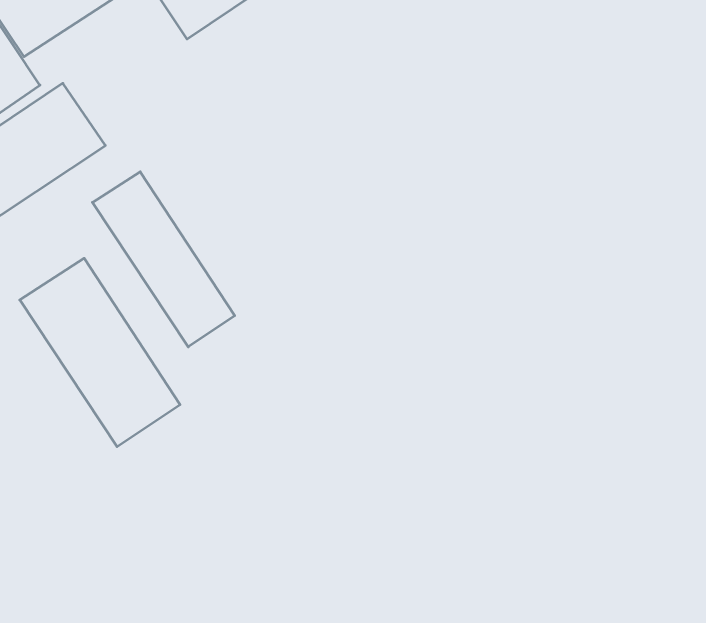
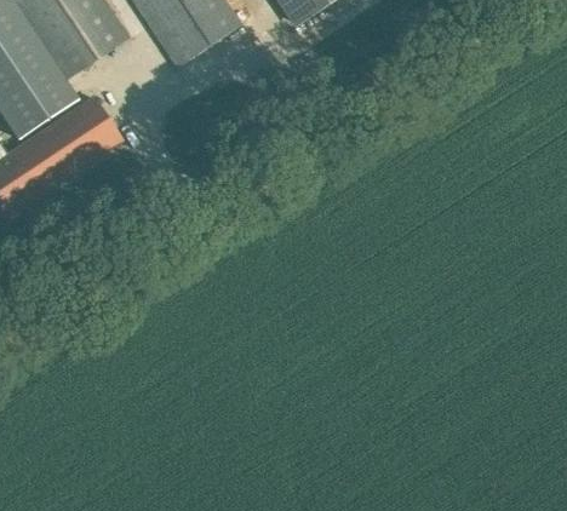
building: [92,172,235,347] -> none
building: [20,258,180,447] -> none

